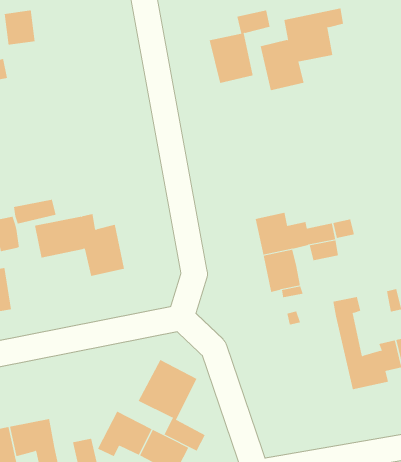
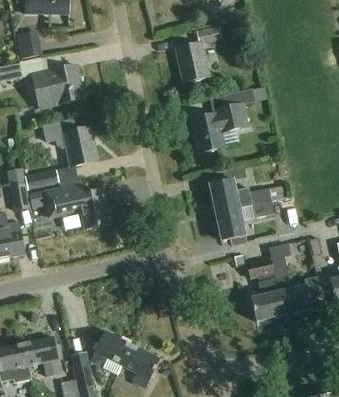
building: [260,8,344,91] -> [191,89,255,152]
building: none -> [33,64,84,107]
building: none -> [41,117,98,165]
building: none -> [247,258,284,320]
building: [138,359,205,451] -> none

